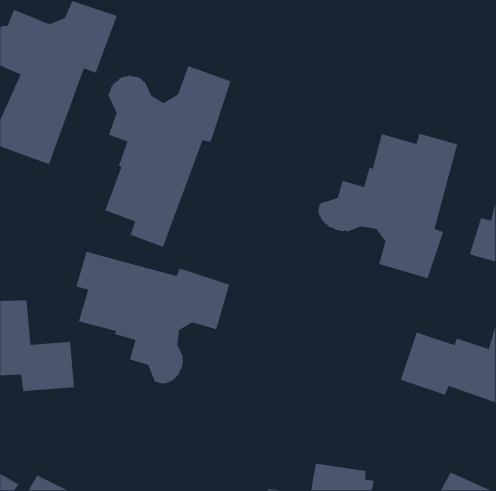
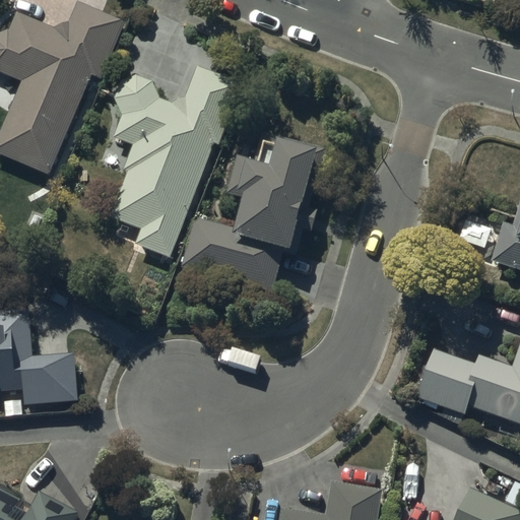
building: none -> [181,134,322,296]
building: [317,133,458,279] -> none
building: [76,251,230,384] -> none

